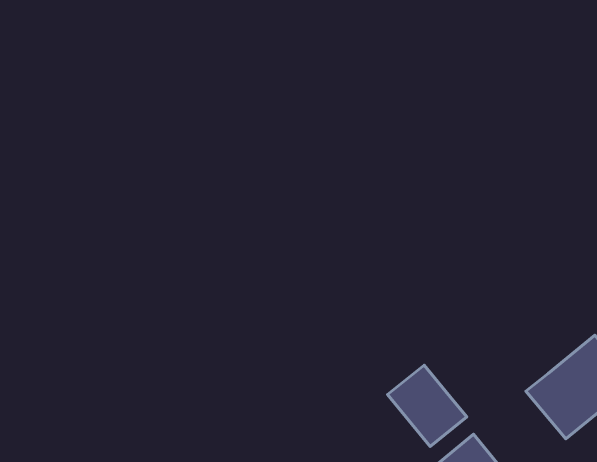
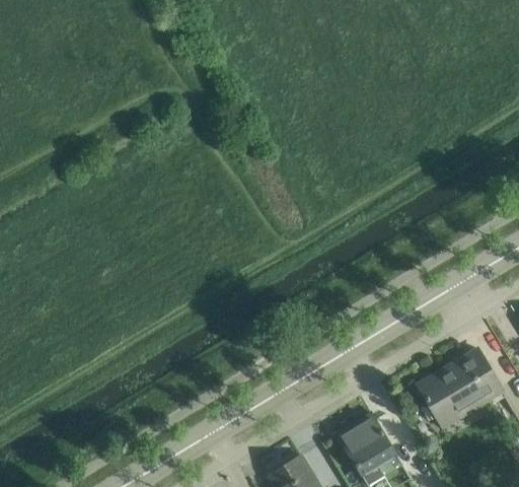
building: [387,365,467,446] -> none

